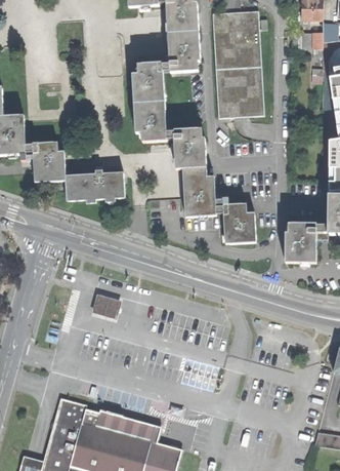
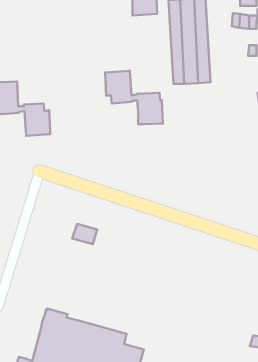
building: [131,30,200,103] -> none
building: [181,166,255,243] -> none
building: [65,171,124,200] -> none
building: [285,223,315,262] -> none

